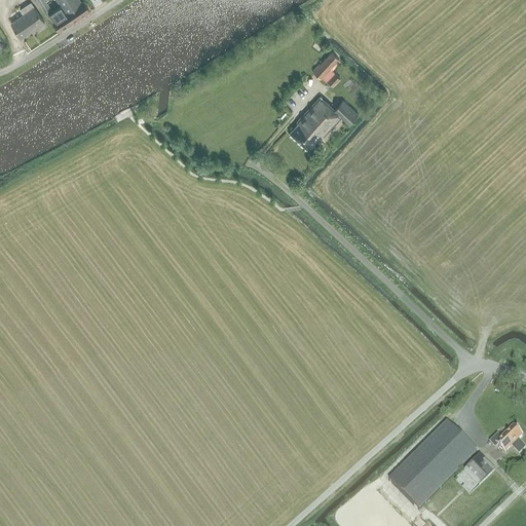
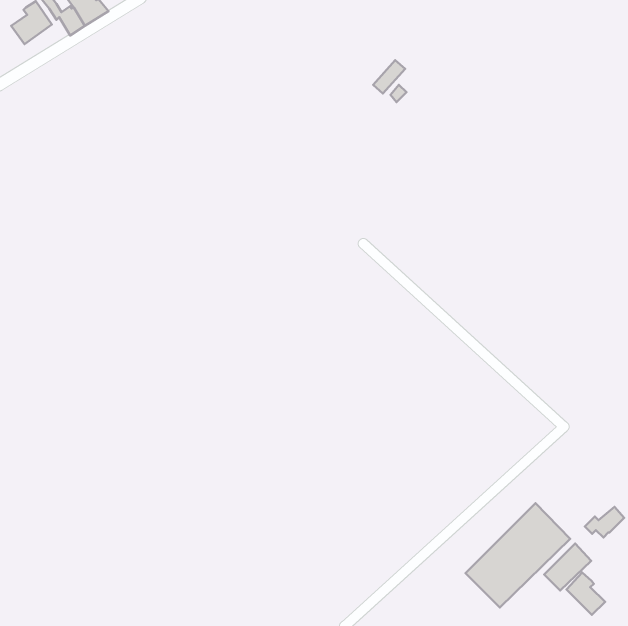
building: [289,95,358,148] -> none
building: none -> [566,572,605,615]

